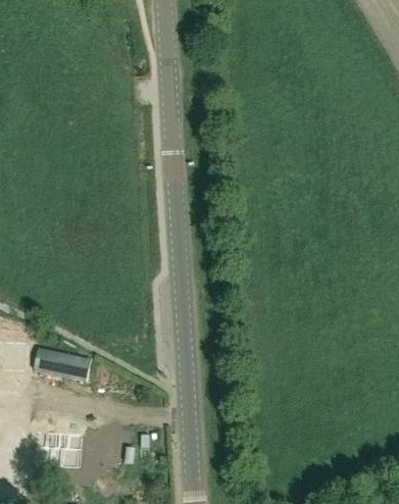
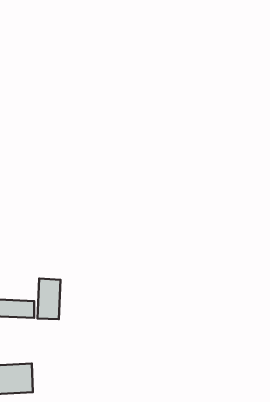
building: none -> [38,278,60,319]

